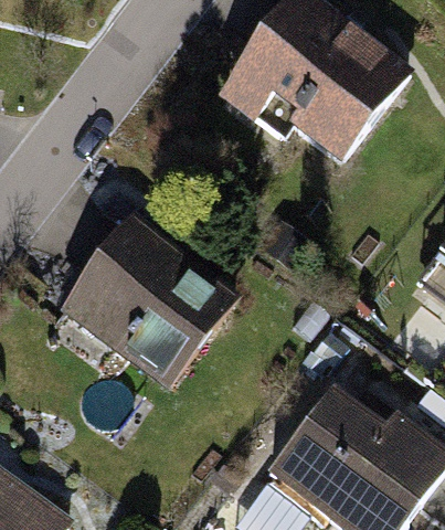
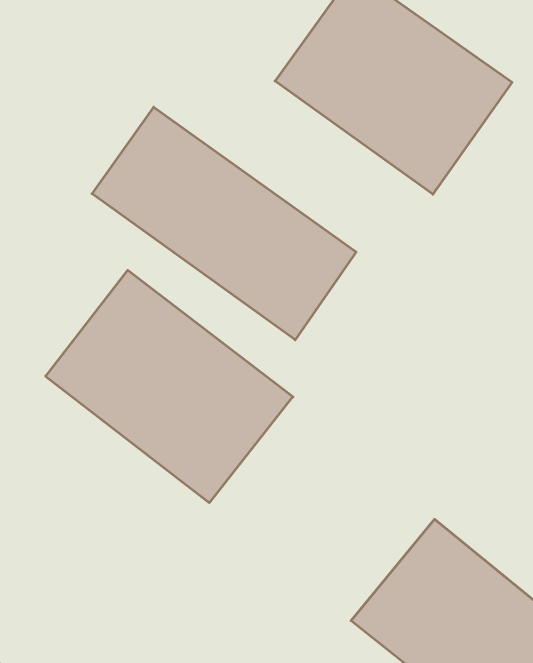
building: none -> [92,107,356,340]

